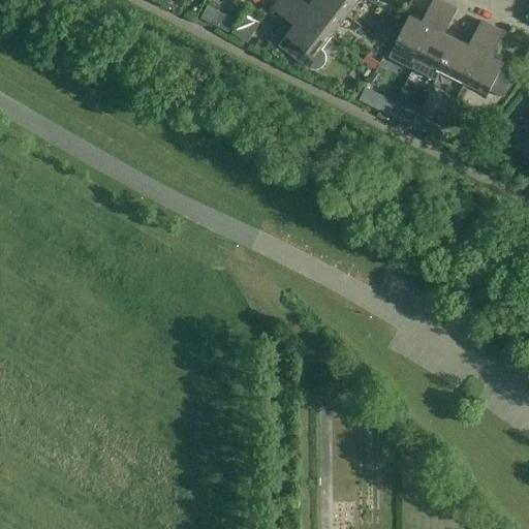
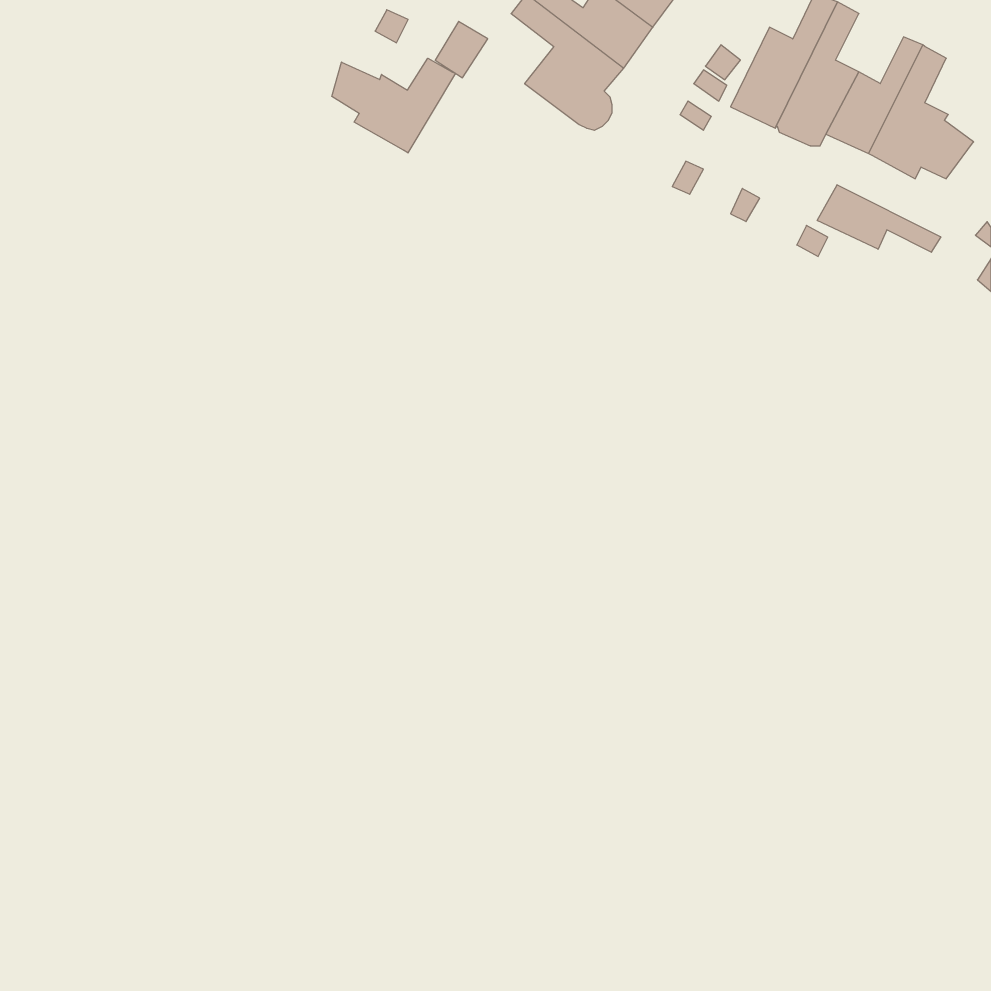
building: none -> [332,58,456,153]
building: none -> [817,185,941,252]

